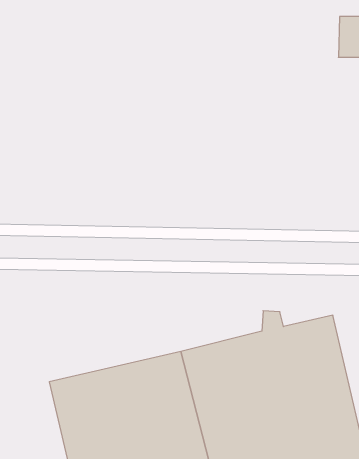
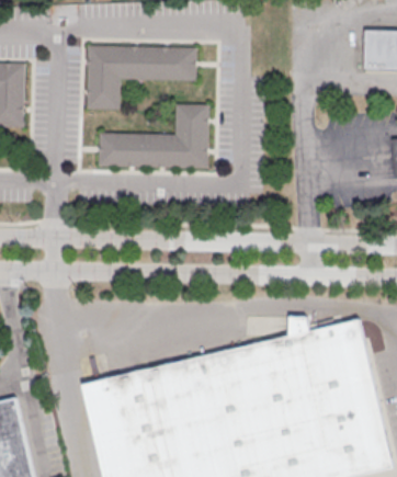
building: none -> [86,46,195,110]
building: none -> [98,105,207,169]

